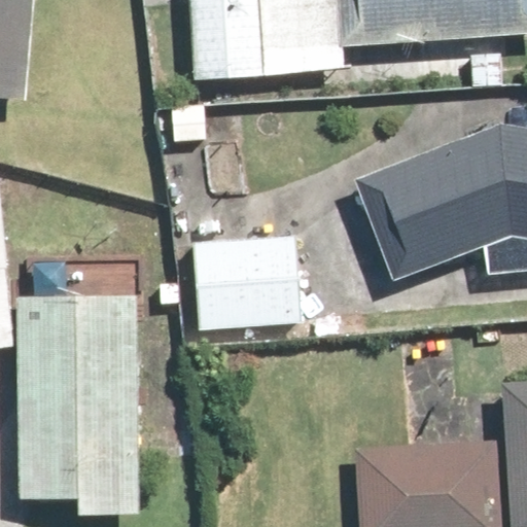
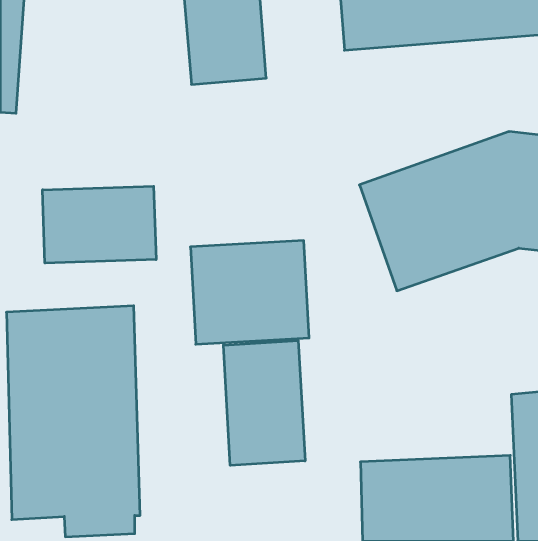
building: none -> [43,186,156,263]
building: none -> [223,341,305,465]

